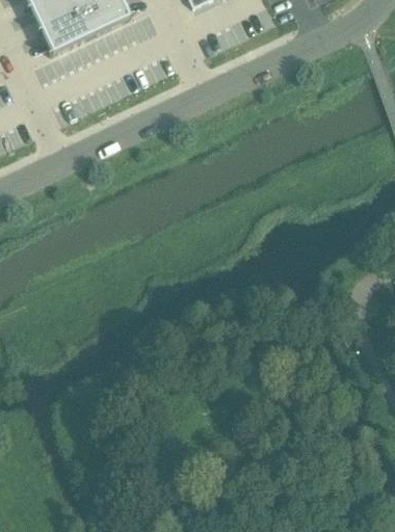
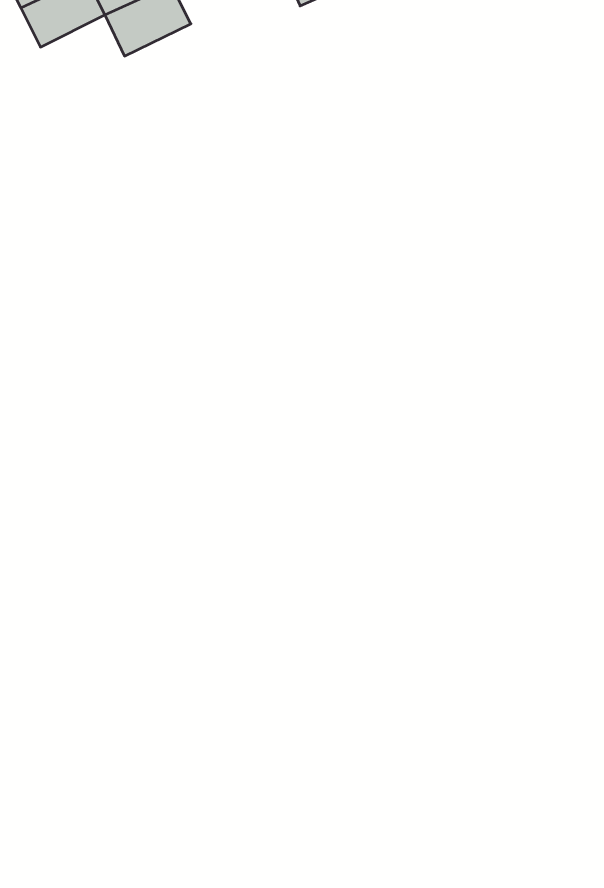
building: [42,9,90,51] -> none

